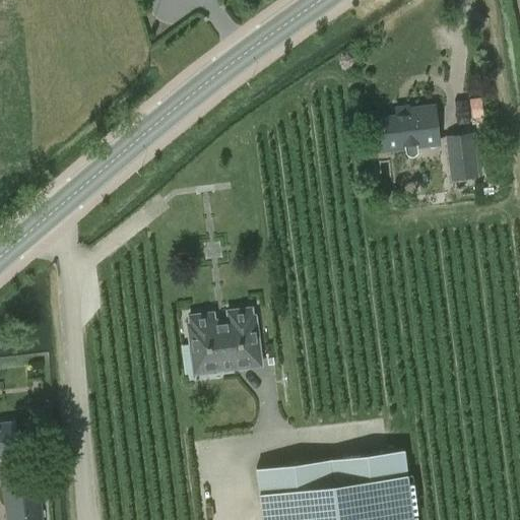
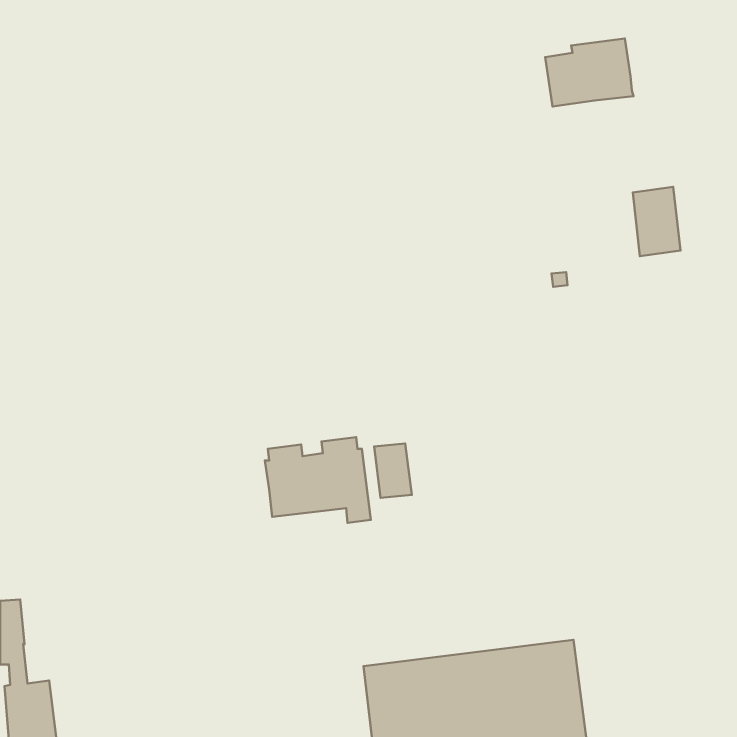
building: [379,106,441,153] -> [545,38,633,106]
building: none -> [374,444,412,498]

